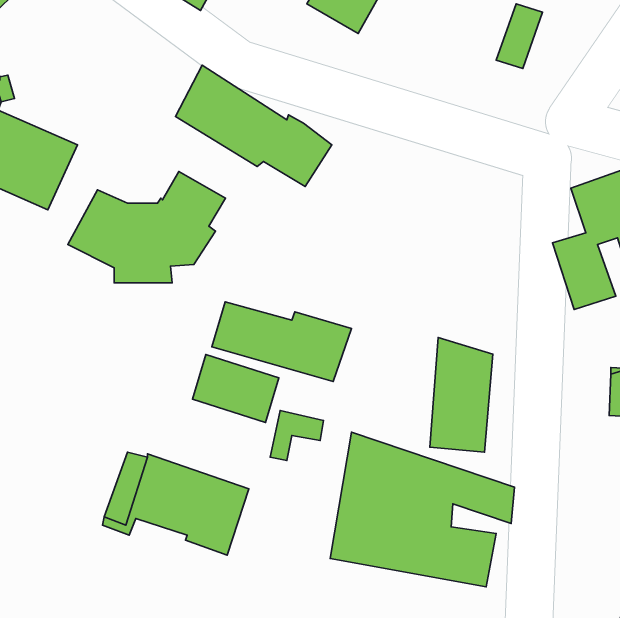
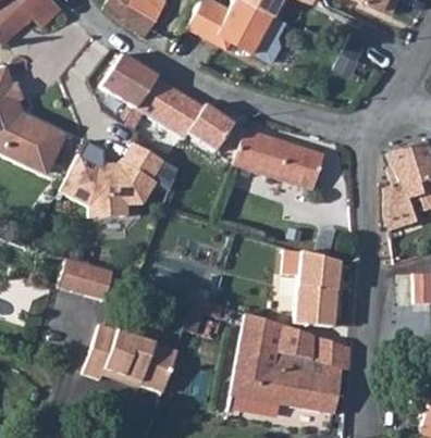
building: none -> [99,57,147,107]
building: [212,302,351,382] -> [234,137,325,189]
building: [192,354,279,423] -> [59,255,115,300]

